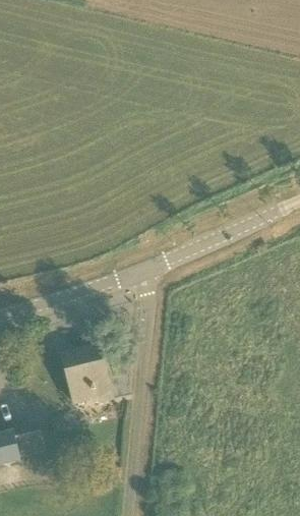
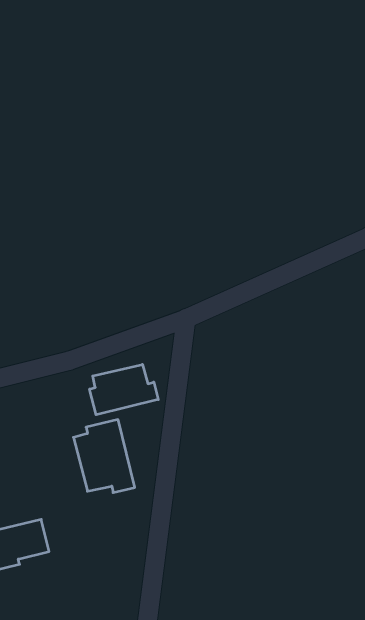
building: none -> [90,364,158,415]

